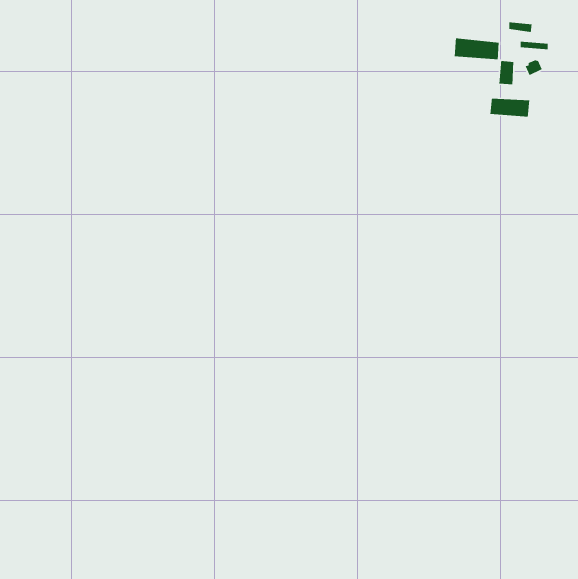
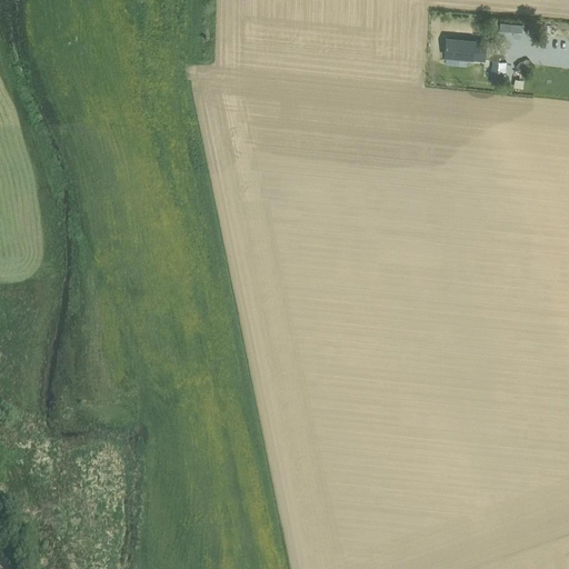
building: [490,98,530,118] -> none

